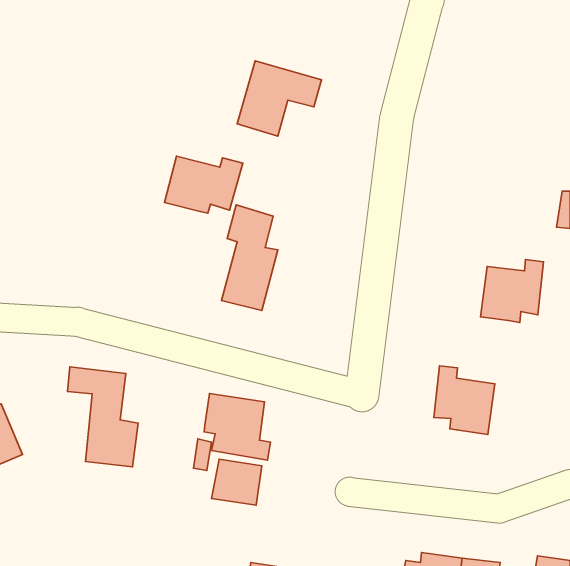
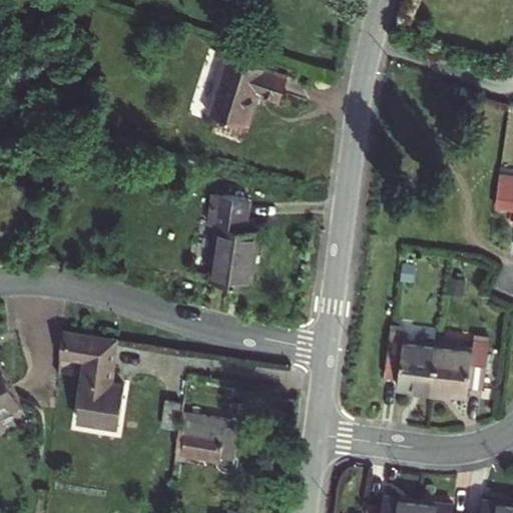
building: [164,156,243,213] -> none
building: [481,260,543,323] -> [435,344,491,400]
building: [204,393,270,460] -> none

